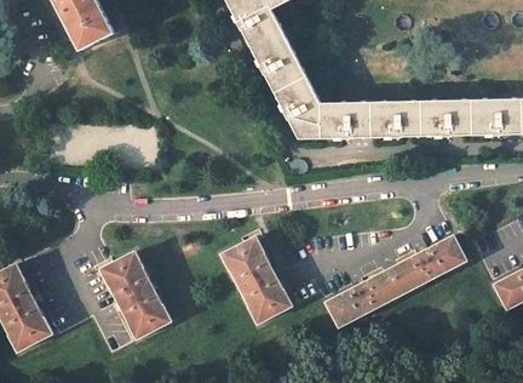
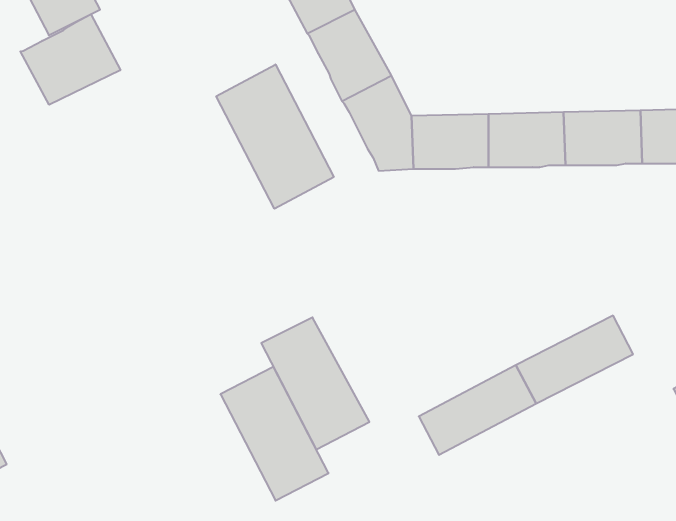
building: none -> [20,14,120,105]
building: none -> [216,64,334,209]
building: [99,251,171,339] -> [220,367,329,501]

